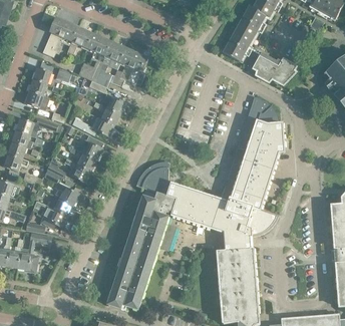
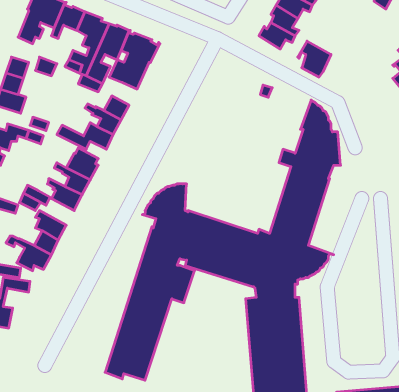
building: [271,57,296,81] -> none

